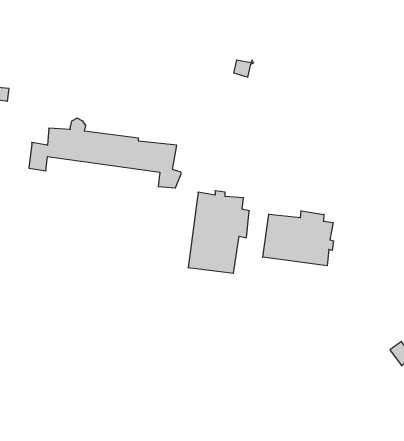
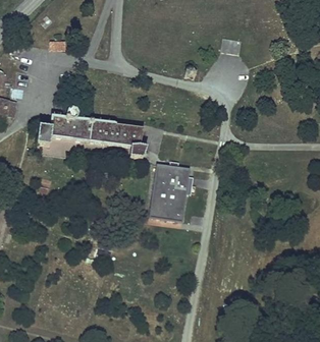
building: [263,211,333,266] -> none

